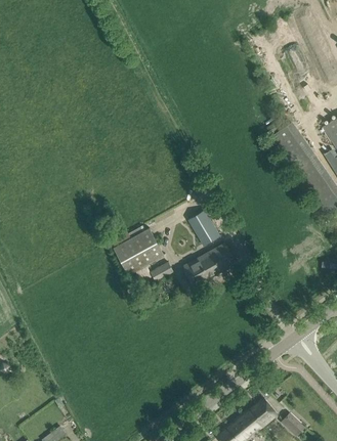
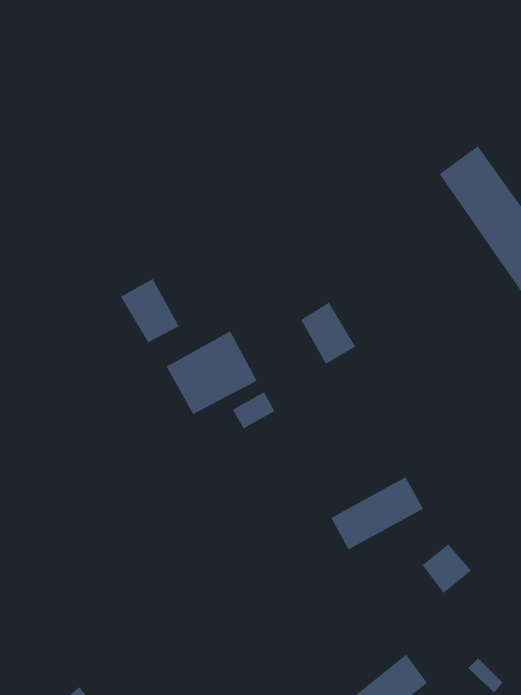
building: none -> [120,278,180,343]
building: [181,242,235,284] -> [330,476,424,550]
building: [248,398,277,427] -> [422,544,472,594]

